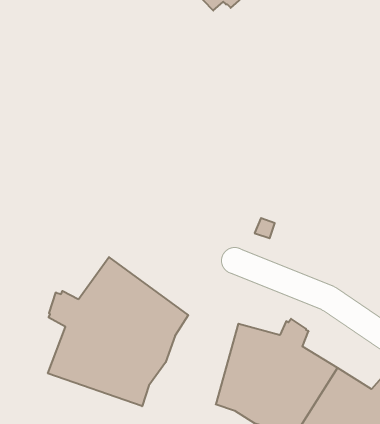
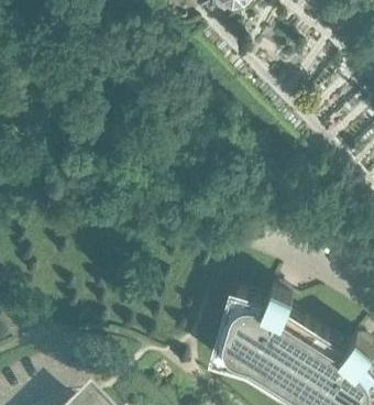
building: [48,257,188,406] -> none

